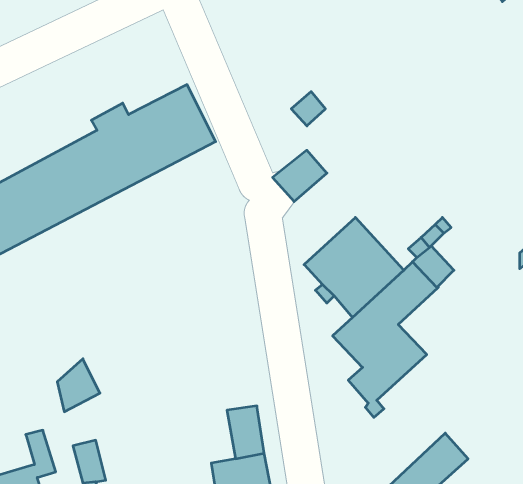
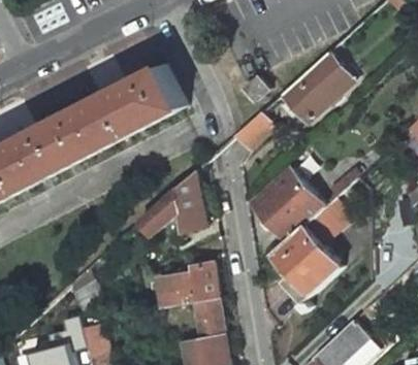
building: none -> [281,51,352,121]
building: none -> [140,169,205,232]
building: none -> [157,264,216,310]

